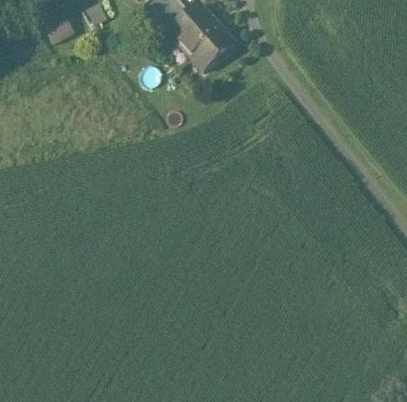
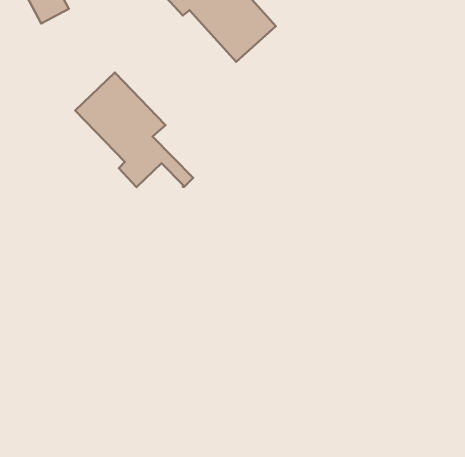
building: none -> [75,72,193,187]

